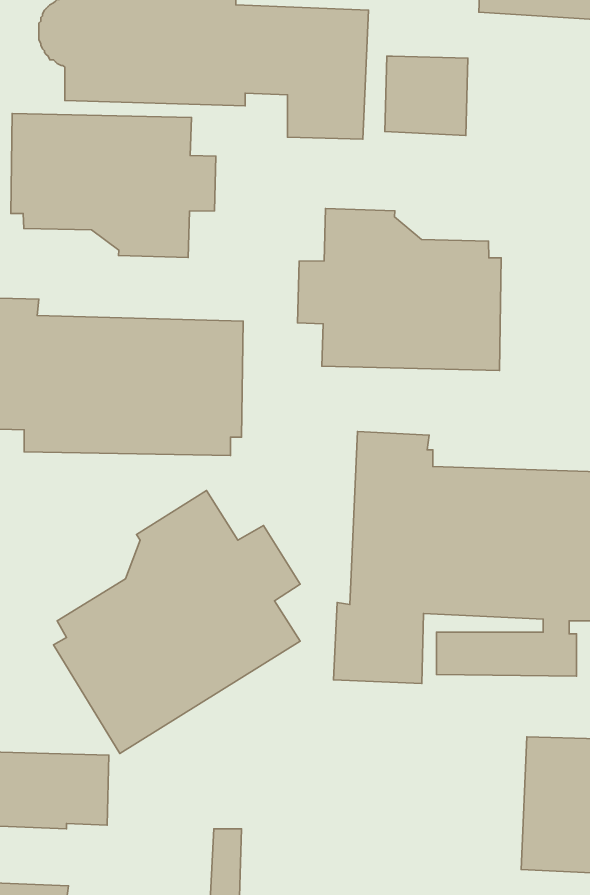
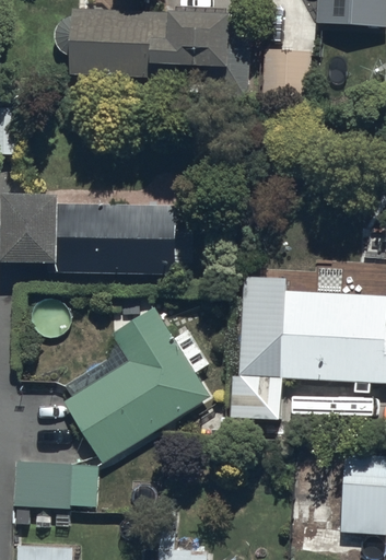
building: [11,113,216,258] -> none
building: [298,209,501,371] -> none

